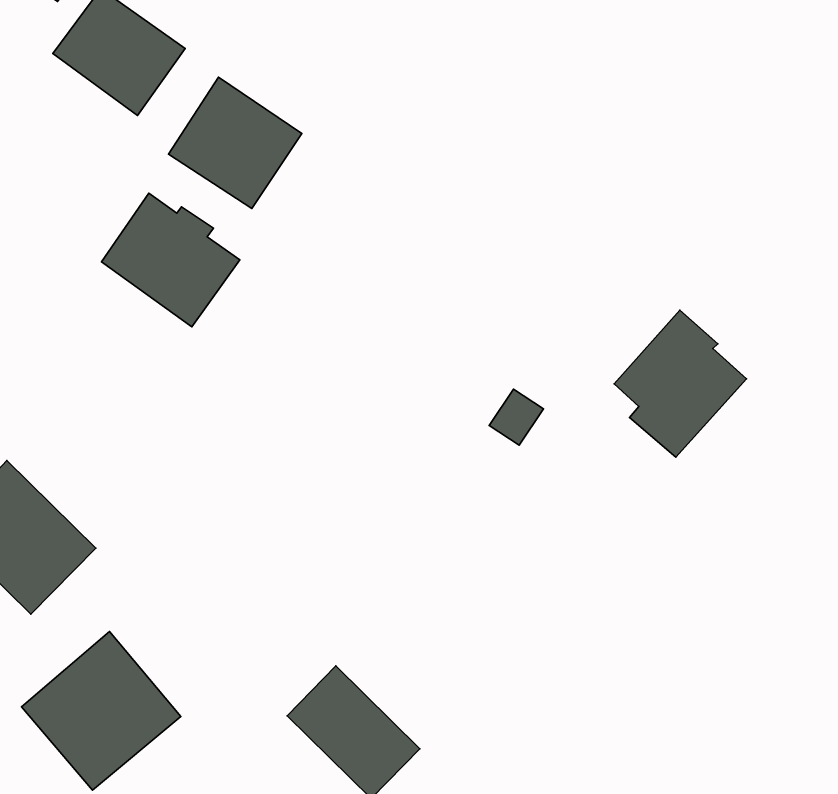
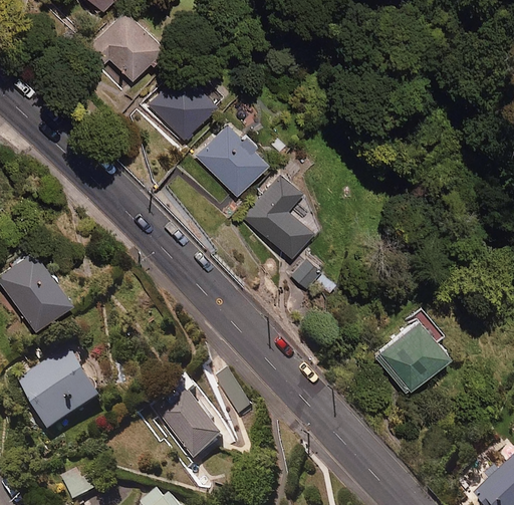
building: [101,193,240,327] -> [195,121,268,196]
building: none -> [243,175,314,259]
building: [614,310,746,457] -> [380,317,451,395]

